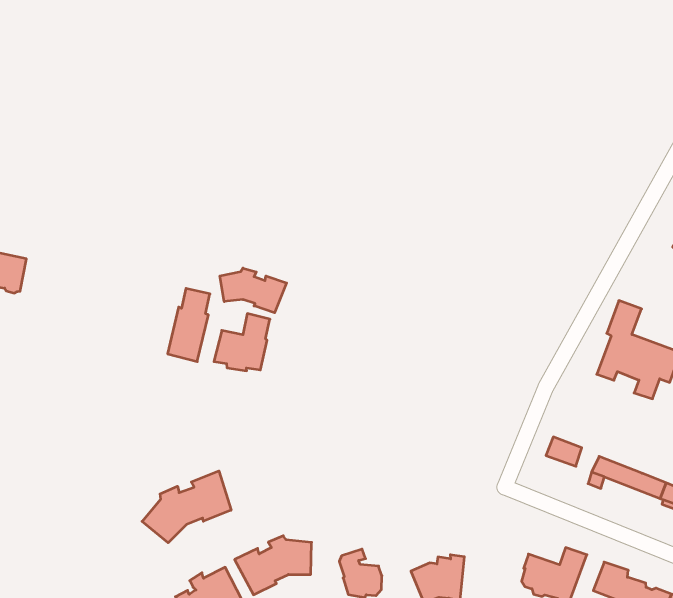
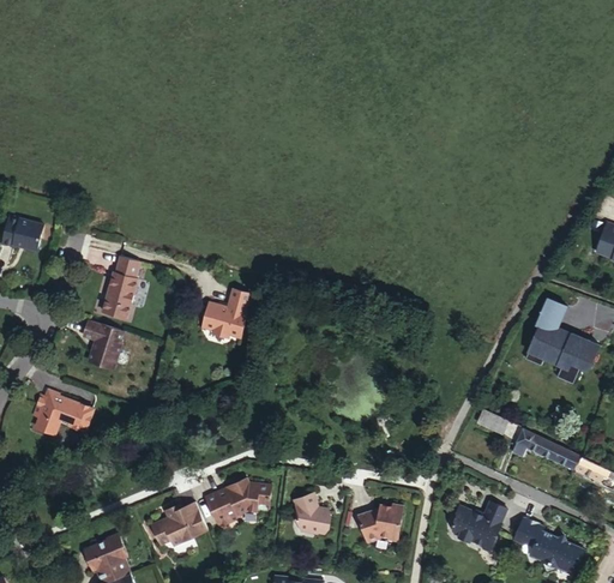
building: [220,268,287,313] -> none
building: [168,288,210,362] -> [97,253,137,317]
building: none -> [77,317,119,369]
building: none -> [26,392,89,435]
building: [142,471,231,543] -> none

